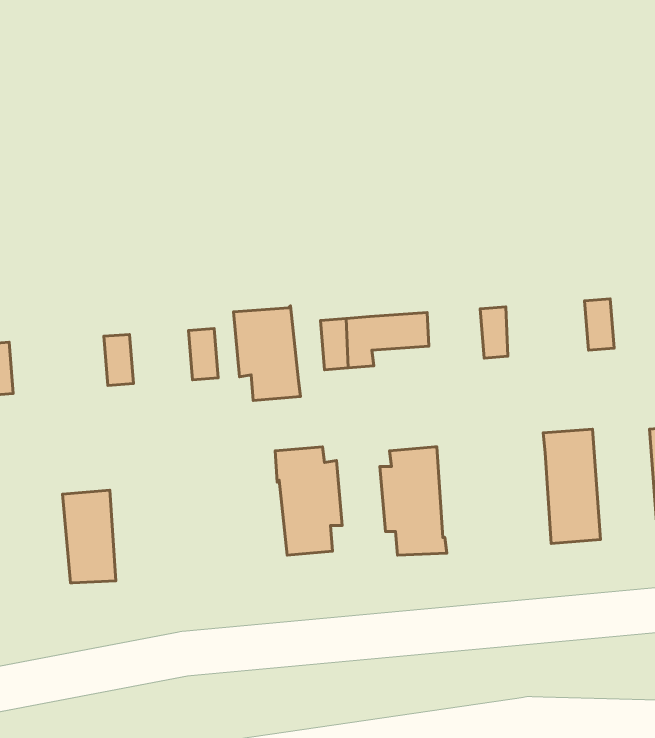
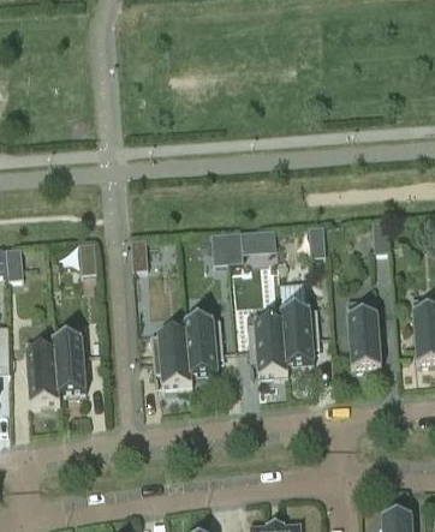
building: [233,306,300,400] -> [150,331,191,389]
building: none -> [280,300,320,366]
building: none -> [25,340,59,406]

